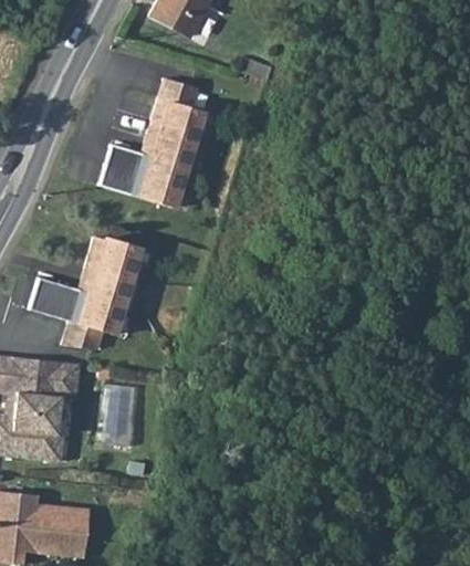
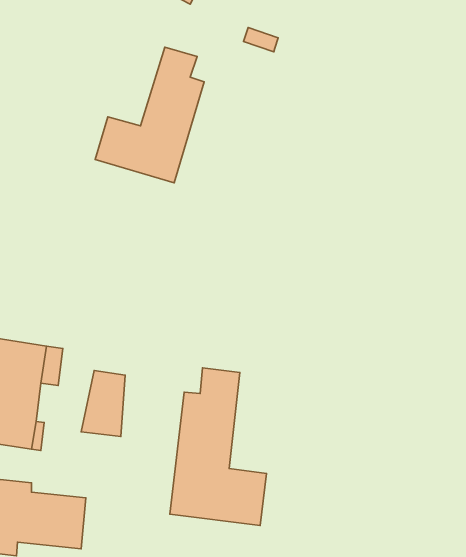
building: [31,237,143,352] -> none
building: none -> [170,368,267,525]

